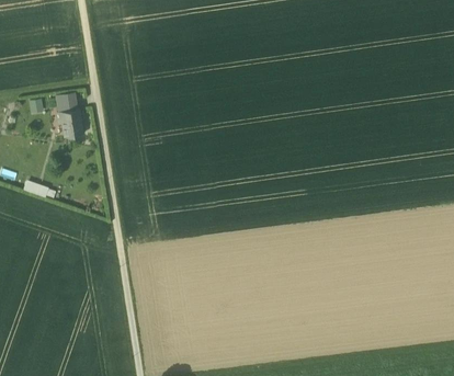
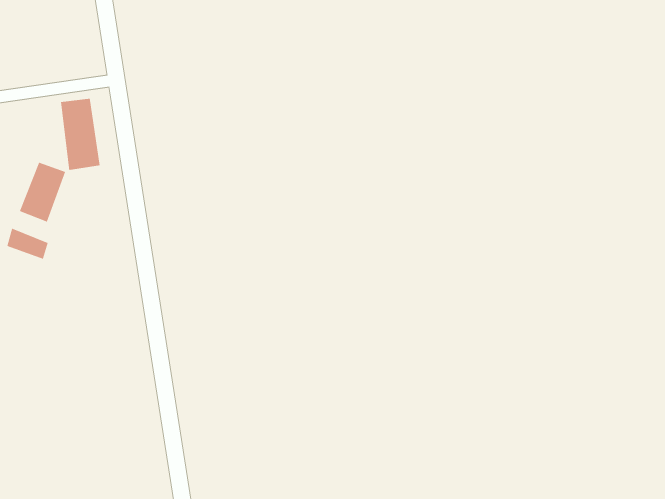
building: none -> [19,162,66,223]

